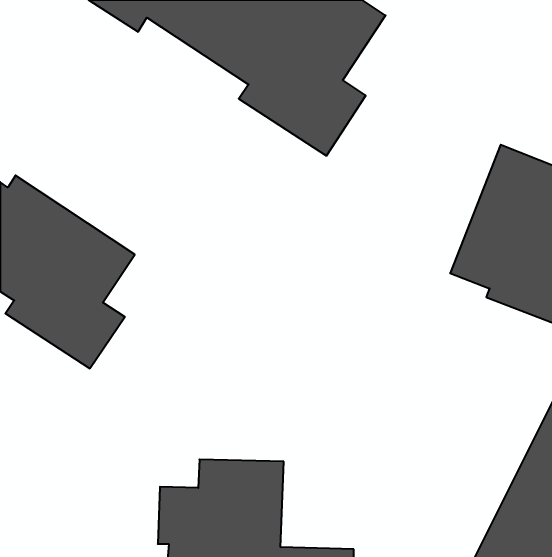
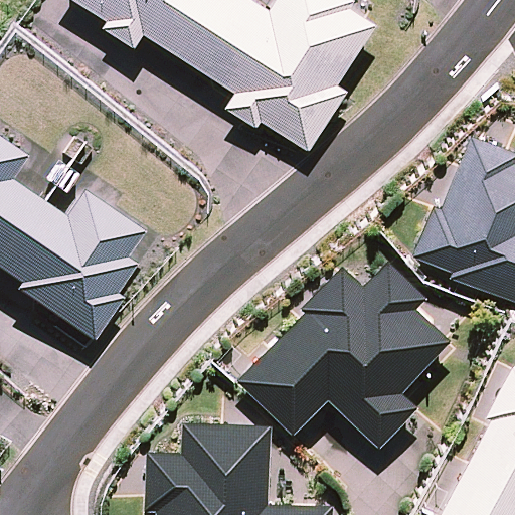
building: none -> [243,266,445,440]

